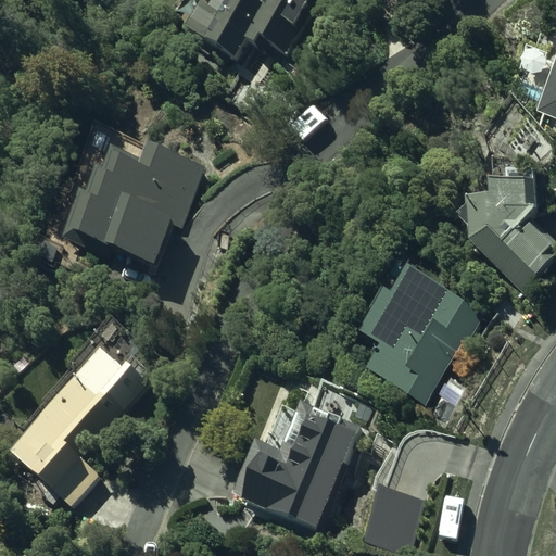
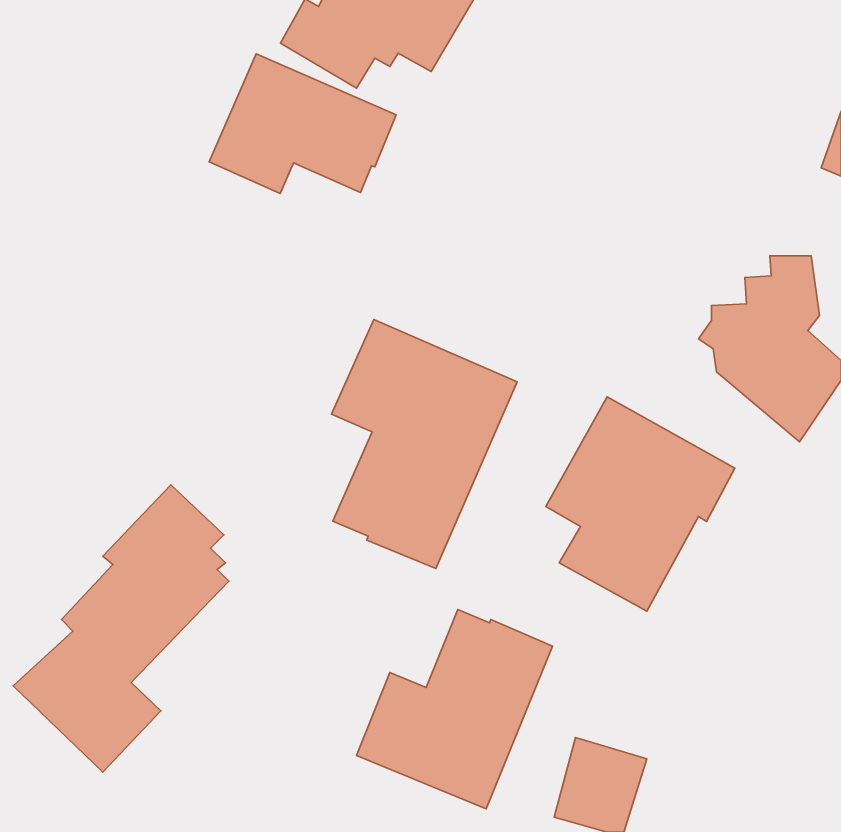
building: none -> [209,54,396,193]
building: [61,142,203,266] -> none
building: none -> [332,319,517,569]

